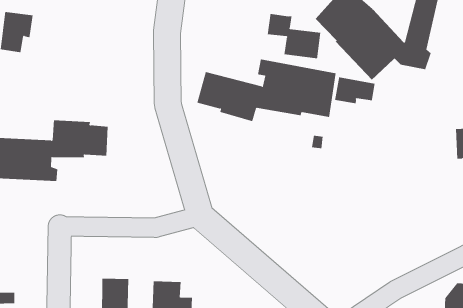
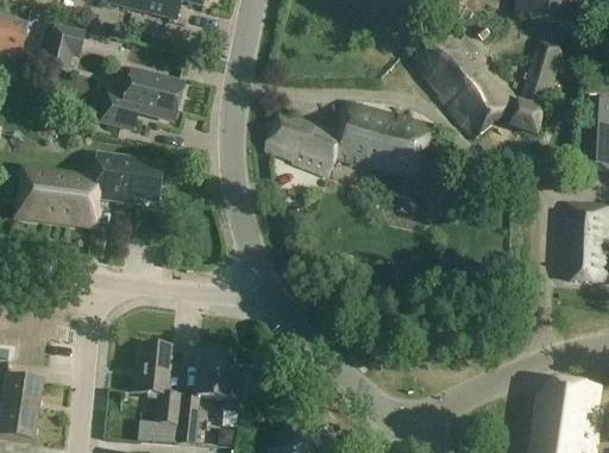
building: [267,13,321,59] -> none
building: none -> [100,69,183,127]
building: [335,77,375,104] -> none

